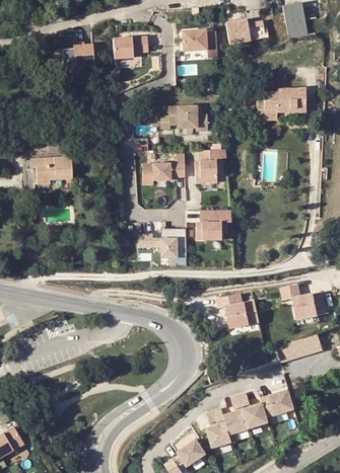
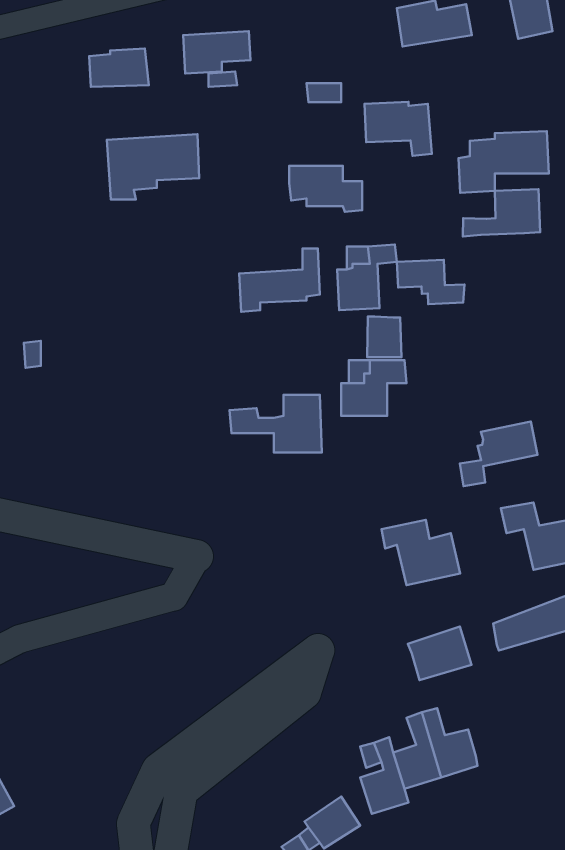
building: [182,29,217,58] -> [364,102,432,156]
building: none -> [463,189,540,237]
building: [23,156,72,190] -> [107,134,199,199]
building: none -> [397,260,464,304]
building: none -> [367,316,401,357]
building: none -> [460,421,538,486]
building: [261,390,294,418] -> [408,626,471,680]

